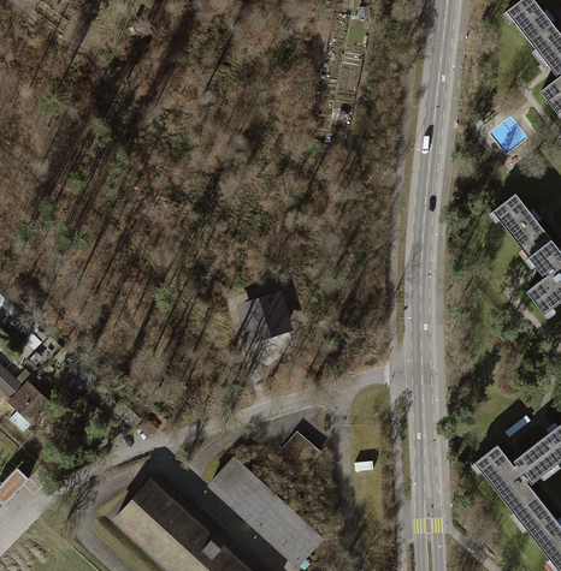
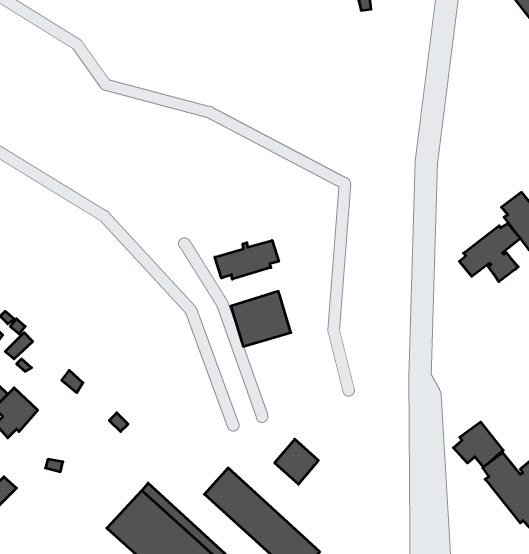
building: none -> [459,224,520,282]
building: none -> [215,240,279,279]
building: none -> [453,422,503,467]

